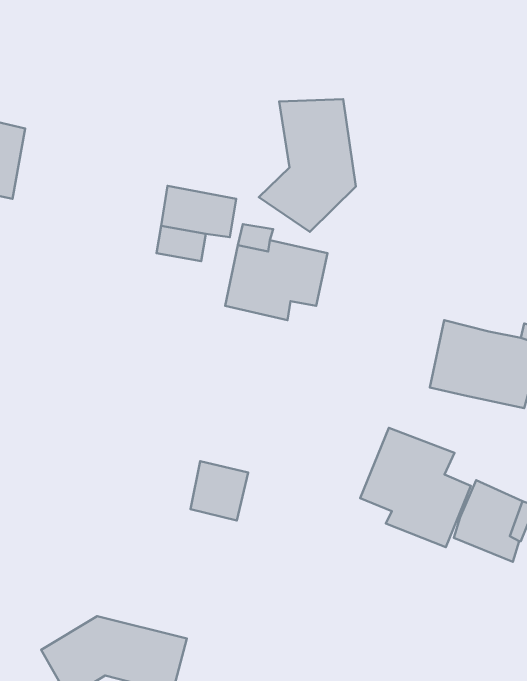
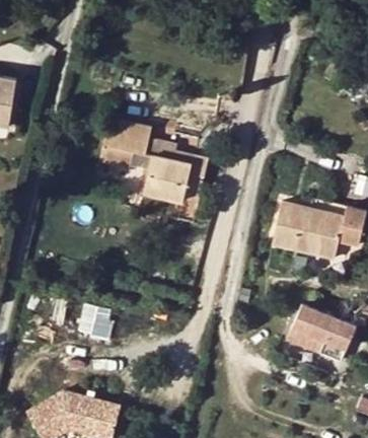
building: [259,99,356,232] -> none
building: [360,428,471,547] -> none
building: [191,461,248,520] -> [81,299,118,337]

